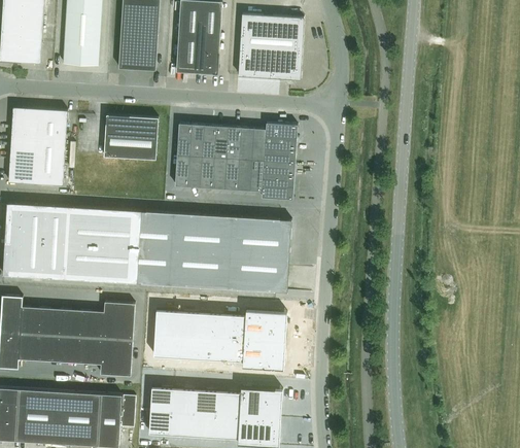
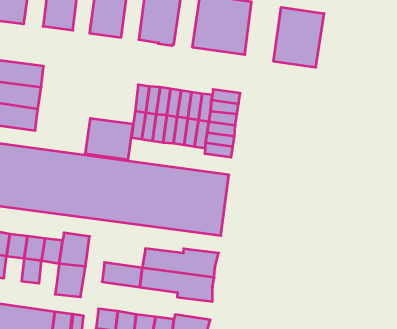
building: none -> [274,7,324,67]
building: [103,114,157,159] -> [85,118,133,159]
building: [154,310,201,336] -> none
building: [39,334,61,361] -> none
building: [80,336,102,364] -> none

